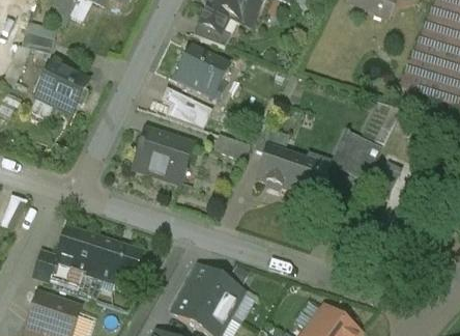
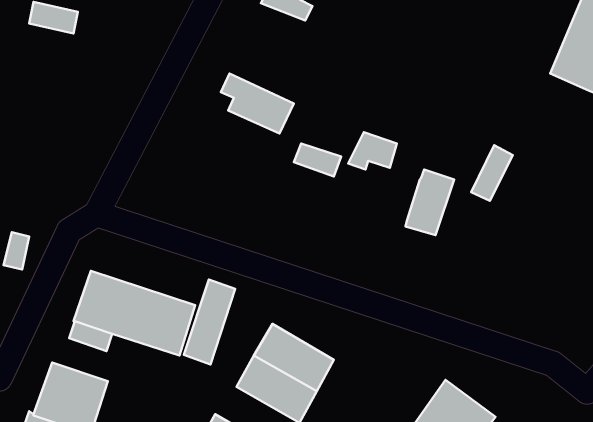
building: [177,47,229,97] -> none
building: [38,57,89,113] -> none
building: [133,128,195,183] -> none
building: [258,145,307,189] -> none
building: none -> [184,279,235,364]

